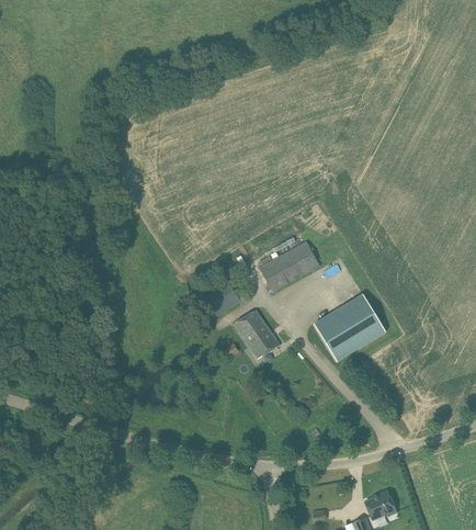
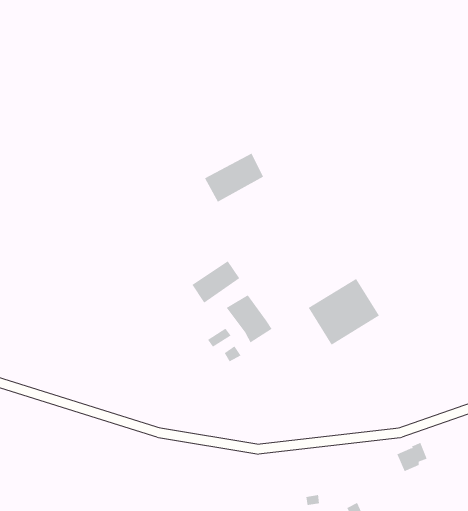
building: [260,241,319,291] -> [204,153,264,202]
building: [364,490,395,520] -> [396,442,427,472]

